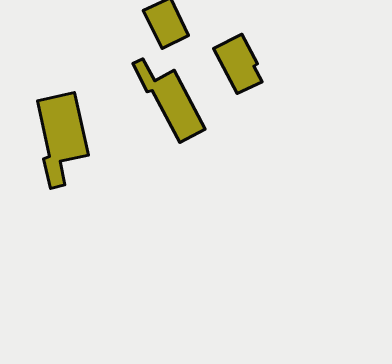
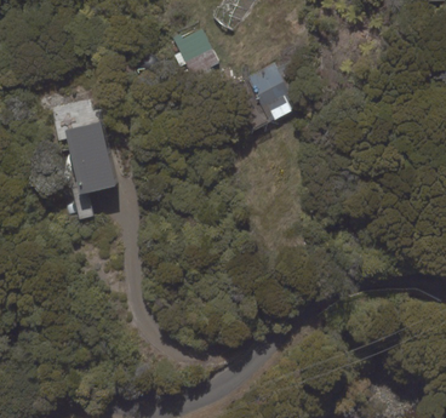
building: [133,59,205,142] -> none

